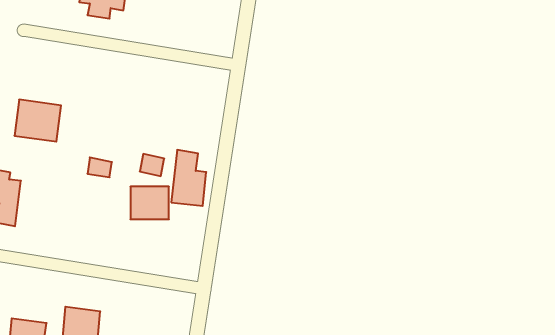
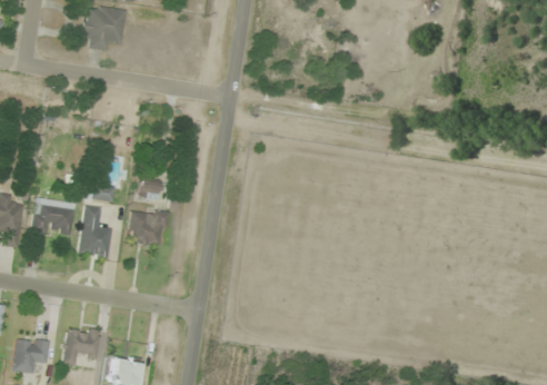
building: [14,100,61,142] -> [31,196,76,236]
building: [171,150,206,206] -> [79,205,112,258]

